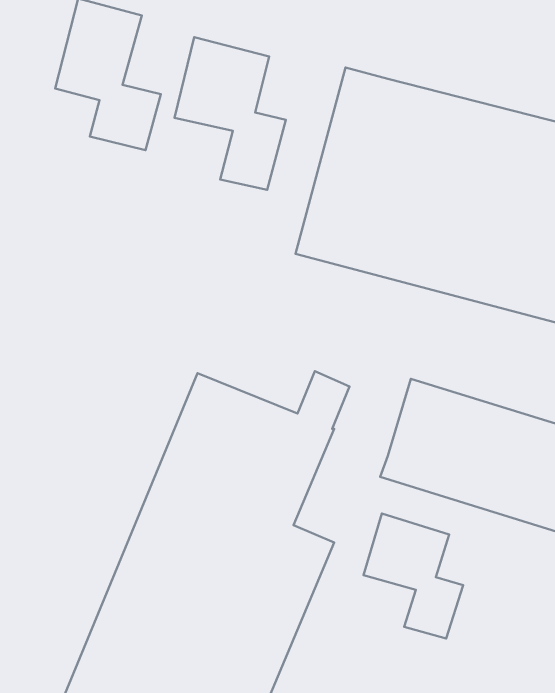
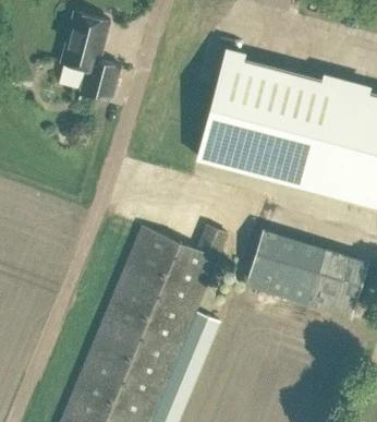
building: [175,37,286,190] -> none
building: [364,514,463,639] -> none

